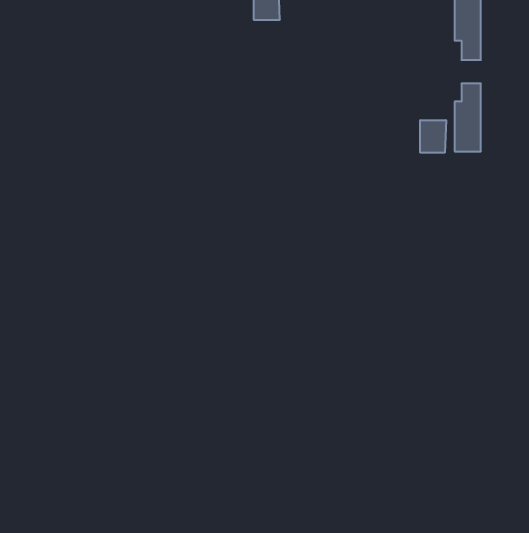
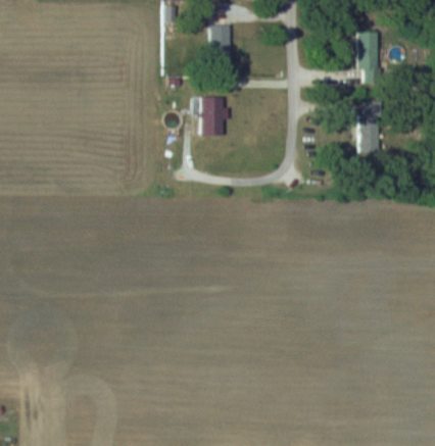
building: none -> [201,96,223,135]
building: [420,120,446,153] -> none

